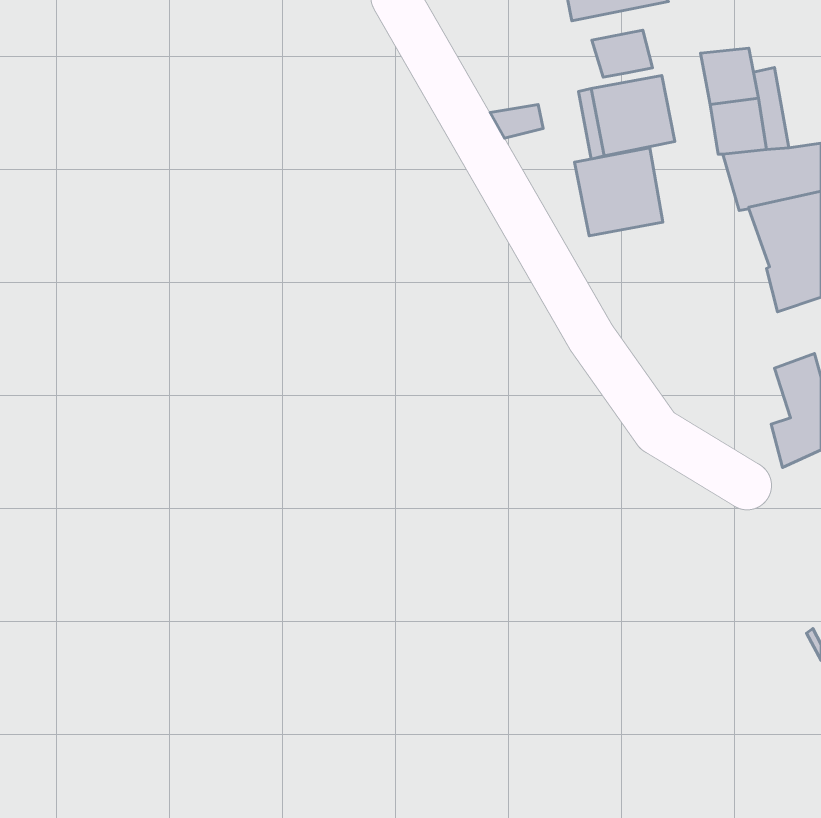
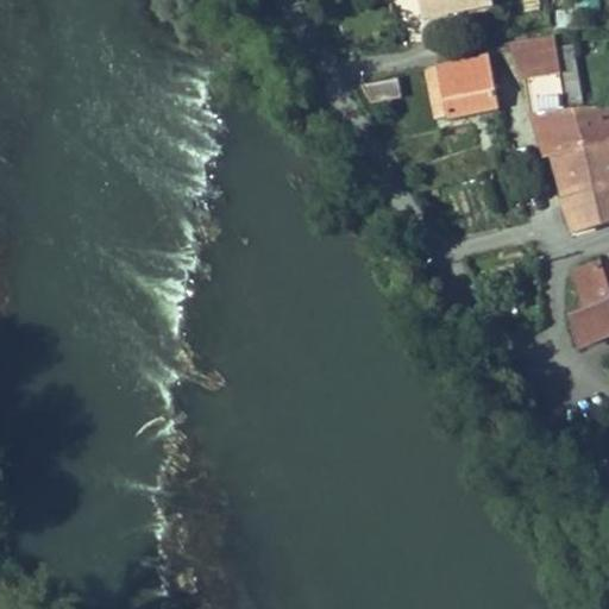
building: [592,30,653,77] -> none
building: [575,148,663,236] -> none

